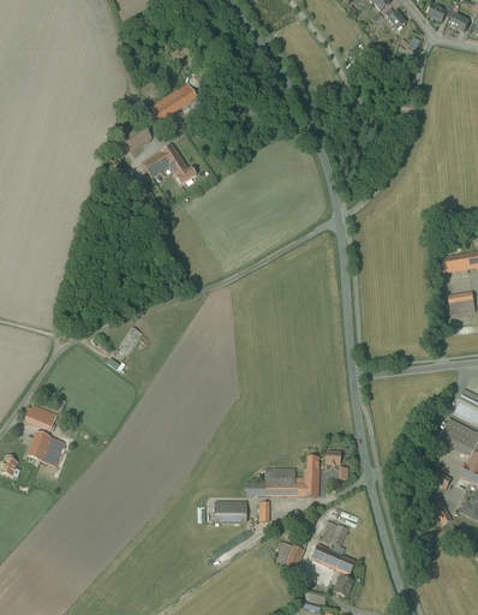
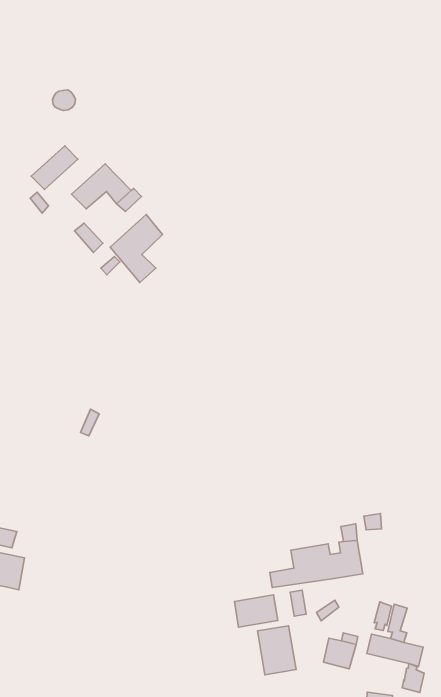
building: [150,83,197,123] -> none
building: none -> [110,214,163,283]
building: none -> [257,626,296,675]

